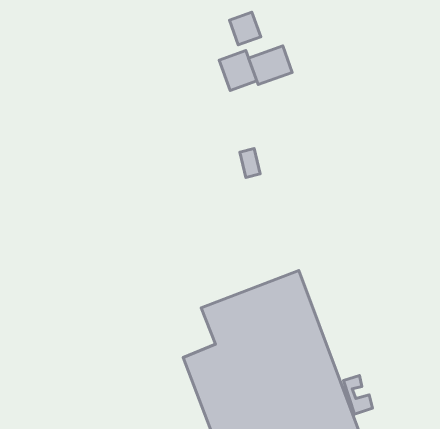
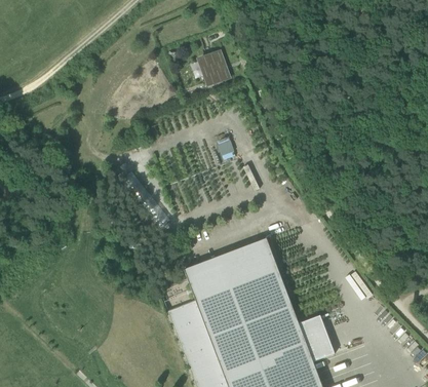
building: [229,12,261,45] -> none
building: [249,46,292,85] -> none

